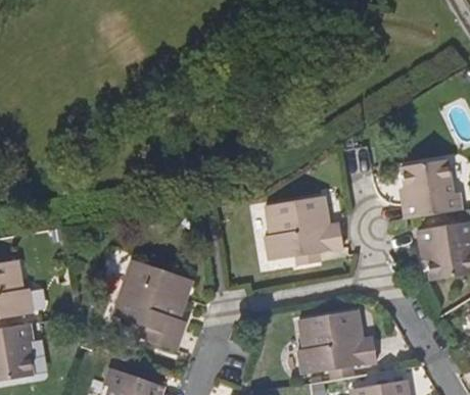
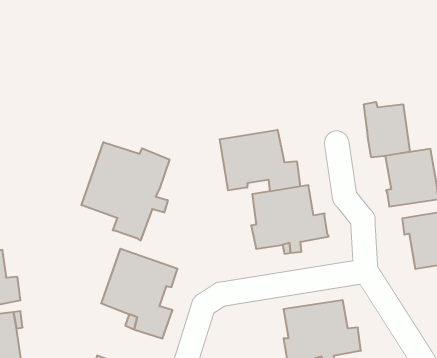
building: none -> [364,102,410,157]
building: none -> [220,130,300,191]
building: none -> [81,142,169,241]

